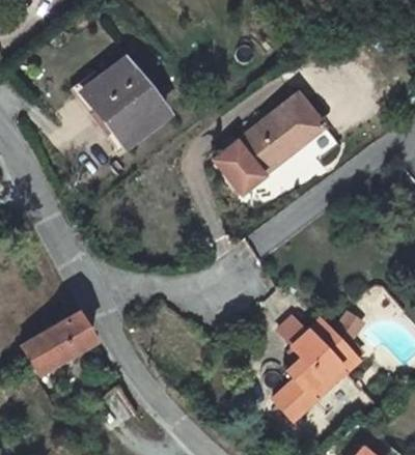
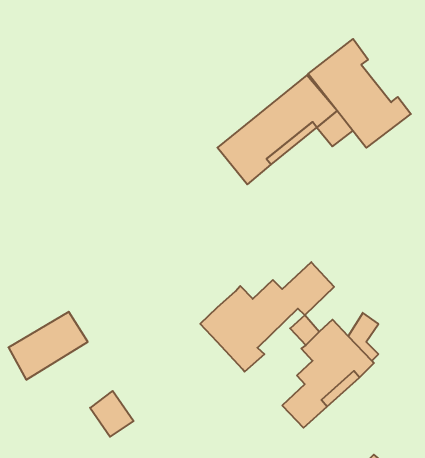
building: none -> [308,39,411,148]
building: [83,59,167,145] -> none
building: none -> [200,262,334,372]

